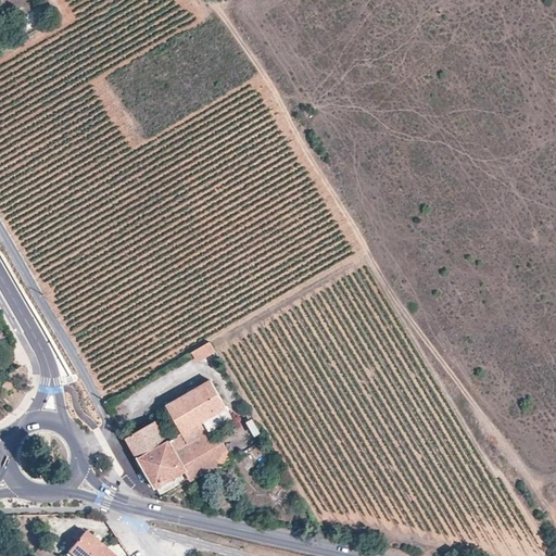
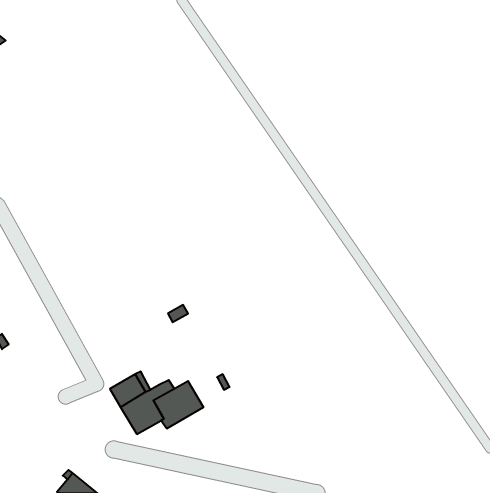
building: [164,382,229,438] -> none

